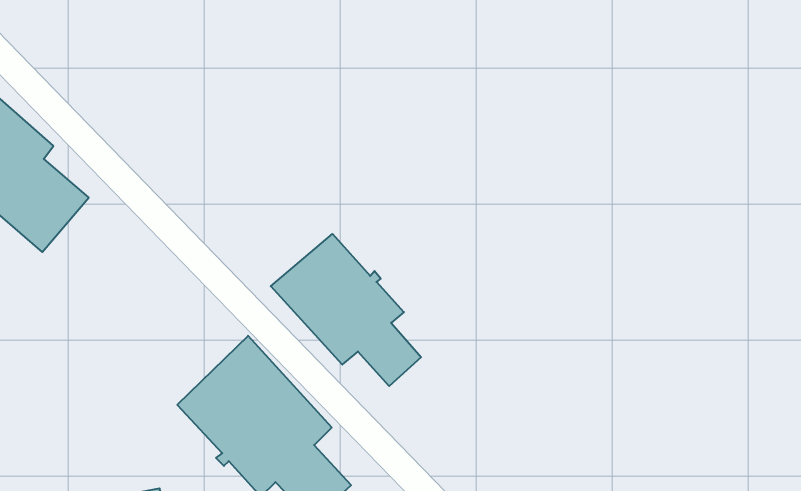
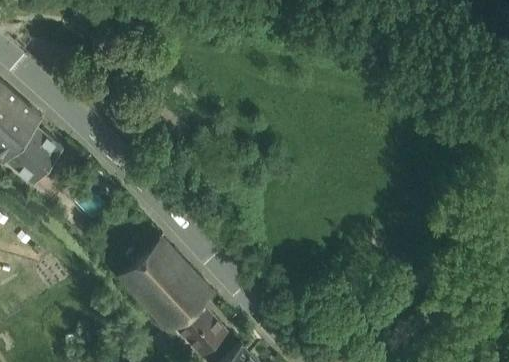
building: [271,234,421,386] -> none

